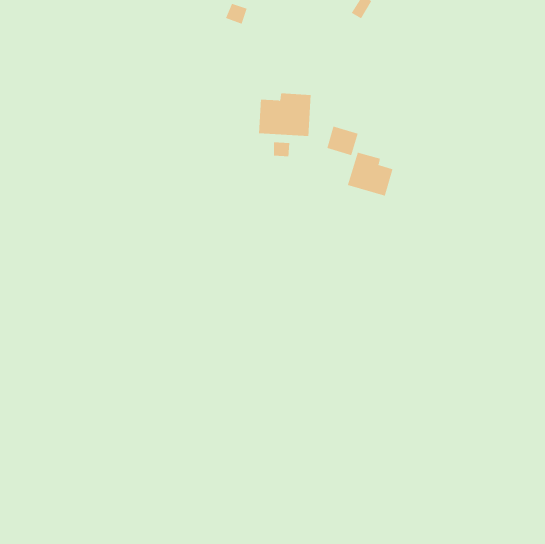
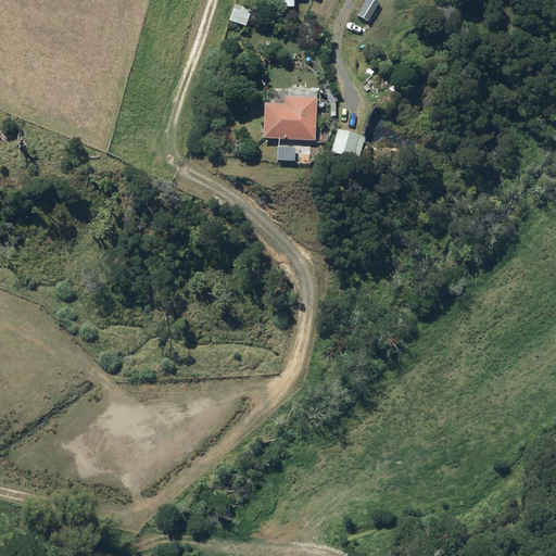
building: [347,152,393,196] -> none

